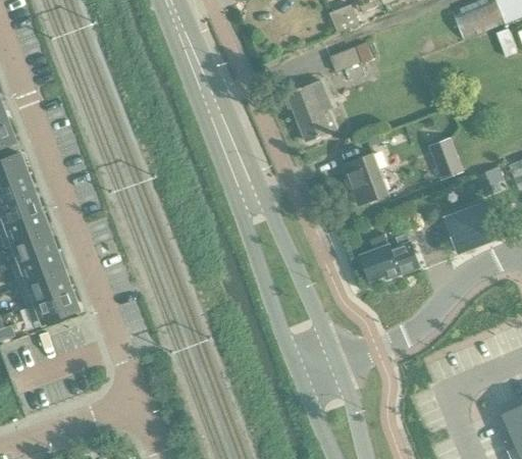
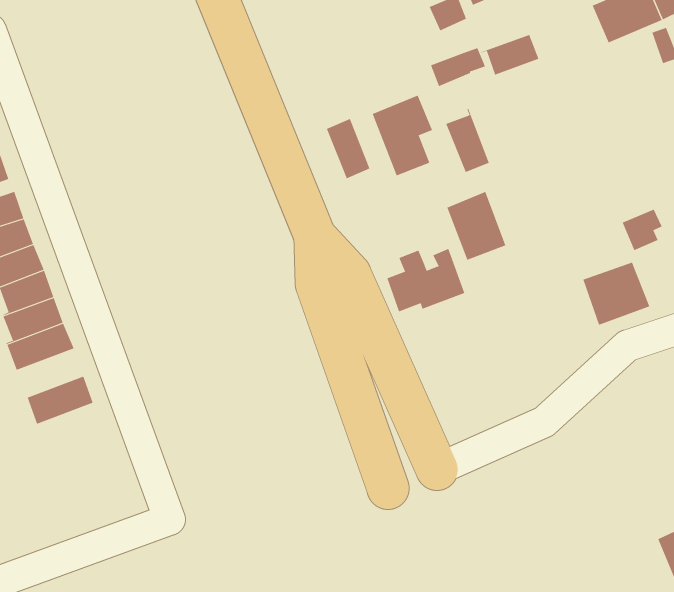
building: none -> [480,34,539,76]
building: none -> [446,108,490,173]
building: none -> [326,118,370,179]
building: [431,138,463,175] -> none
building: [361,232,420,279] -> [386,248,465,312]
building: [20,269,71,306] -> none

